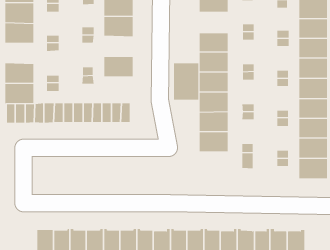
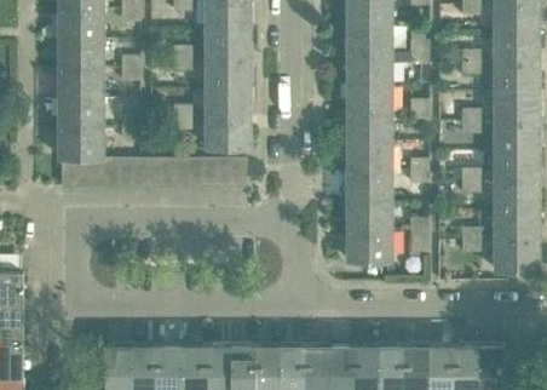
building: none -> [346,24,390,55]
building: none -> [205,59,249,90]
building: none -> [58,70,102,101]
building: [174,63,199,101] -> none
building: none -> [205,120,249,149]
building: none -> [346,231,391,262]

